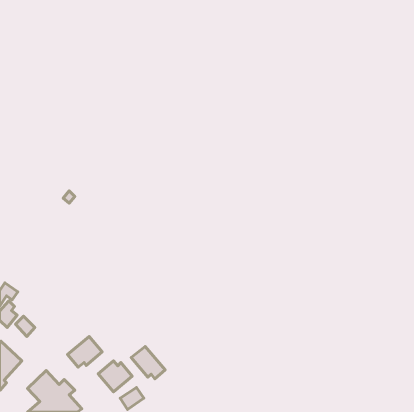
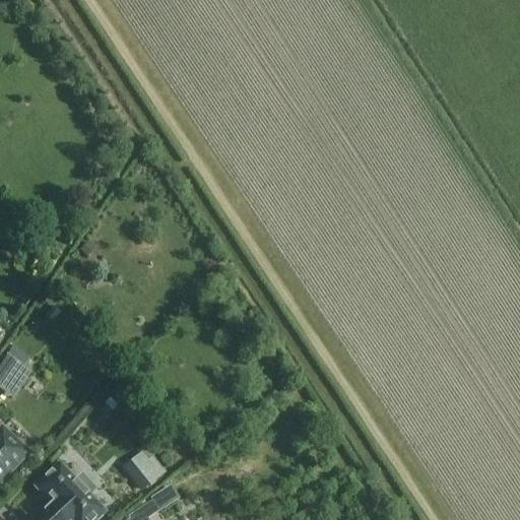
building: [68,337,102,367] -> none
building: [131,346,165,379] -> none

